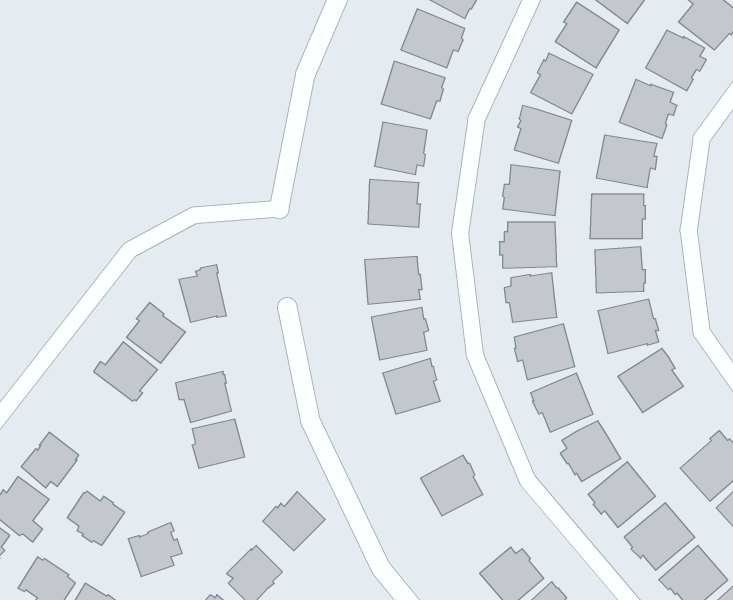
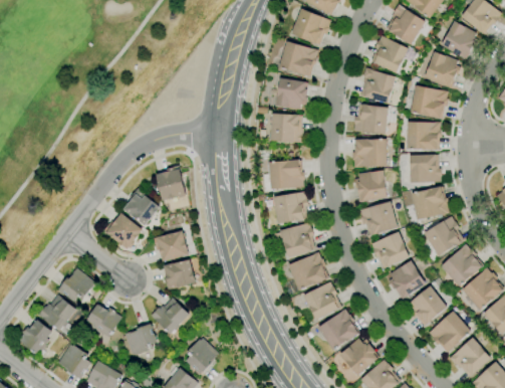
building: none -> [442,244,483,286]
building: none -> [288,252,328,290]
building: [263,492,325,551] -> [151,299,189,335]
building: none -> [318,309,359,351]

